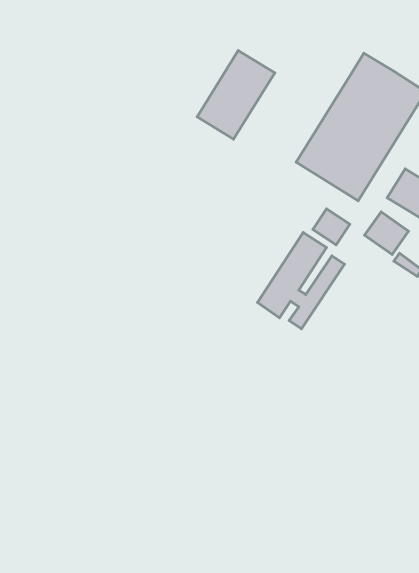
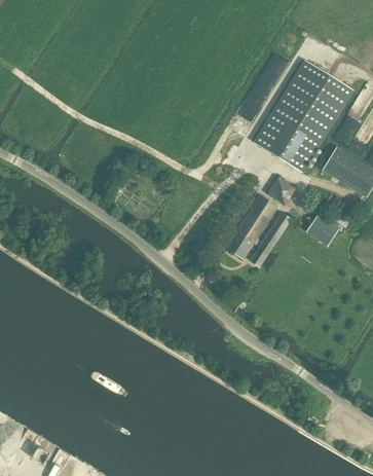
building: [197,51,275,139] -> none
building: [365,212,409,255] -> [306,214,339,246]

